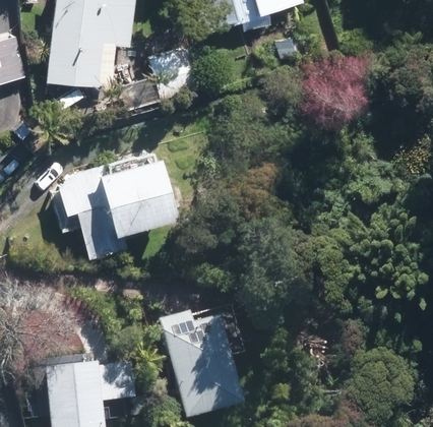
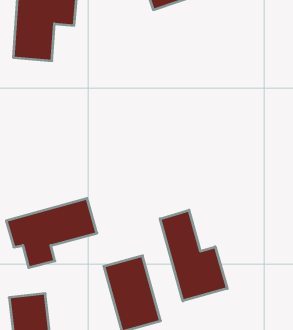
building: [65,167,177,252] -> [6,198,97,268]
building: none -> [160,210,227,301]

